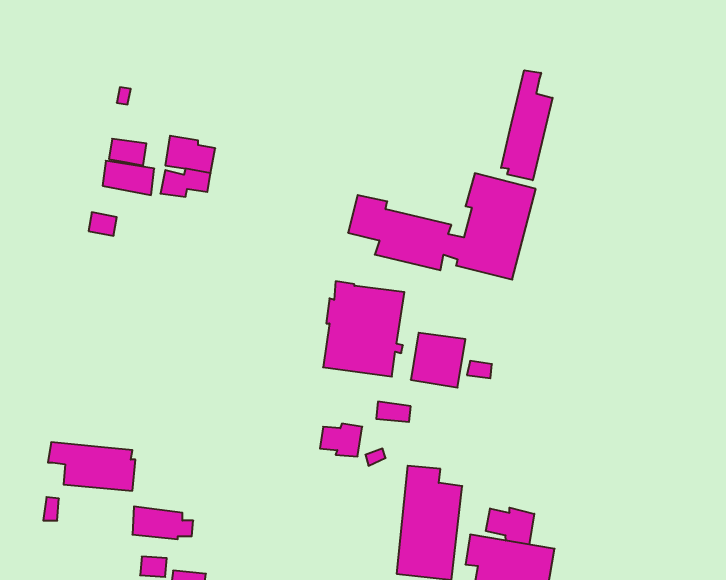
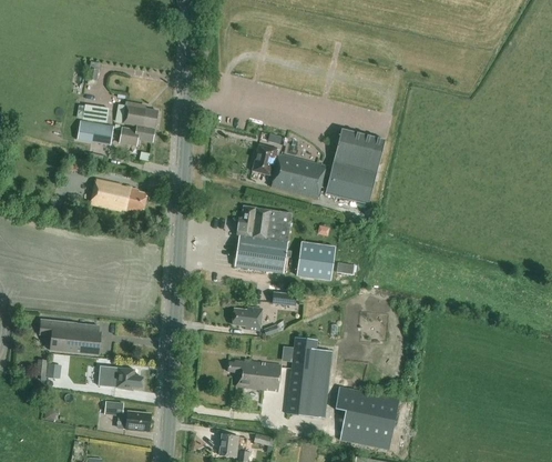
building: [501,70,553,180] -> none
building: none -> [90,178,146,211]
building: none -> [227,360,282,391]
building: [486,508,534,544] -> none

